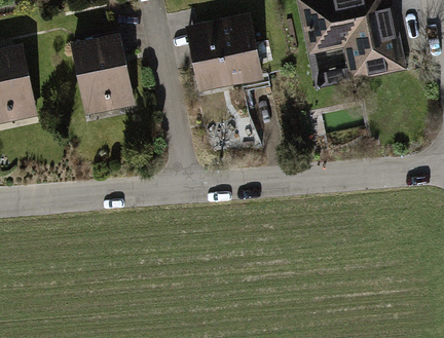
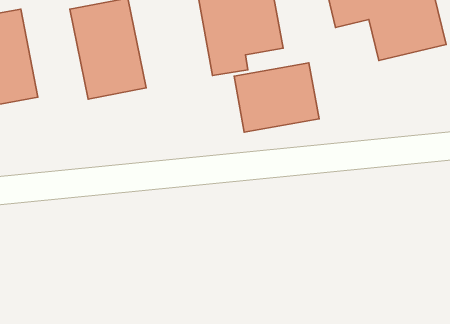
building: none -> [234,63,319,132]

